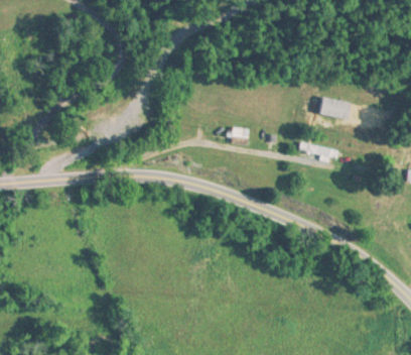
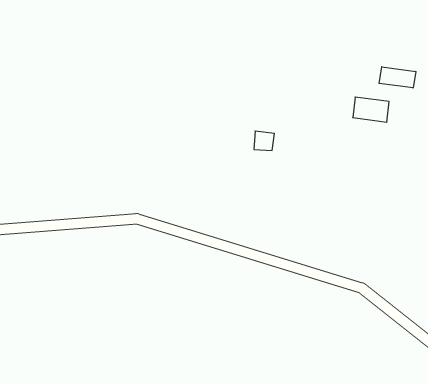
building: none -> [379,67,416,88]

